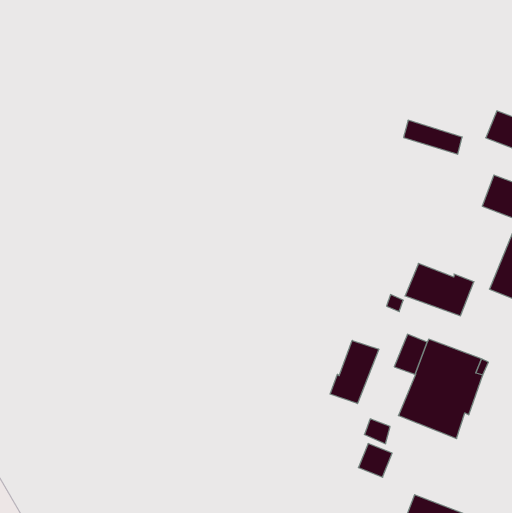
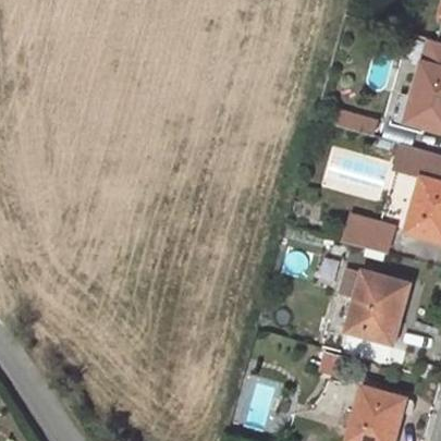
building: [330,340,379,404] -> none

